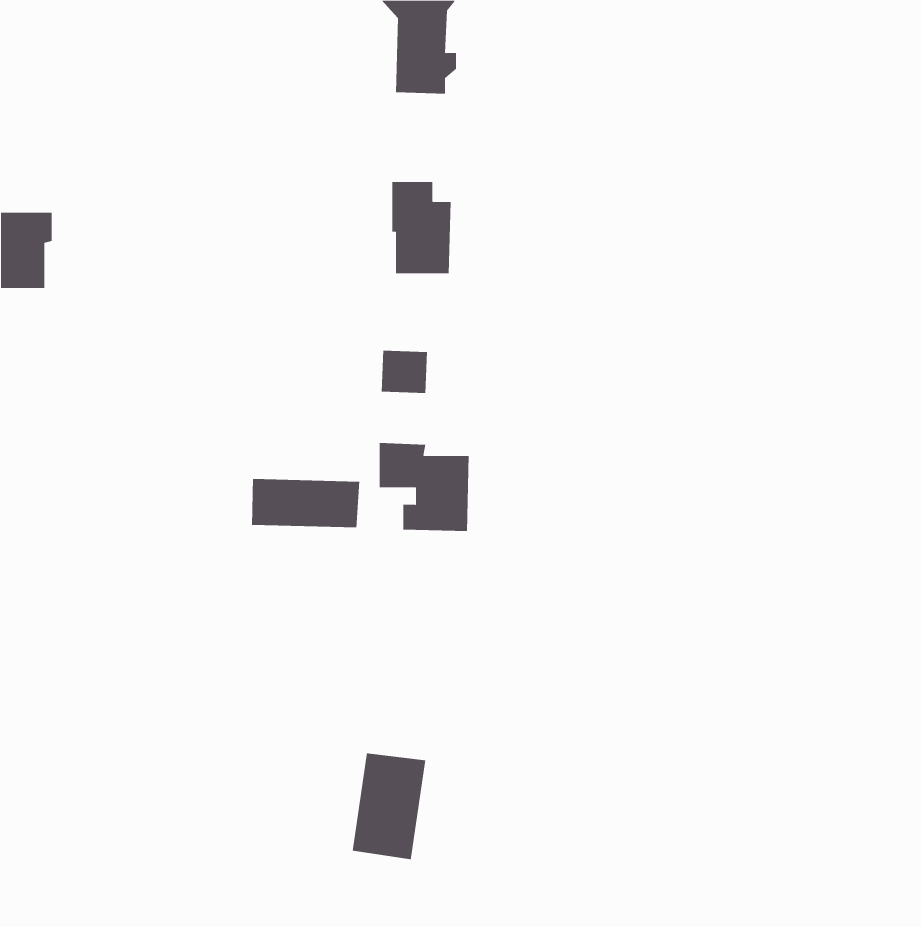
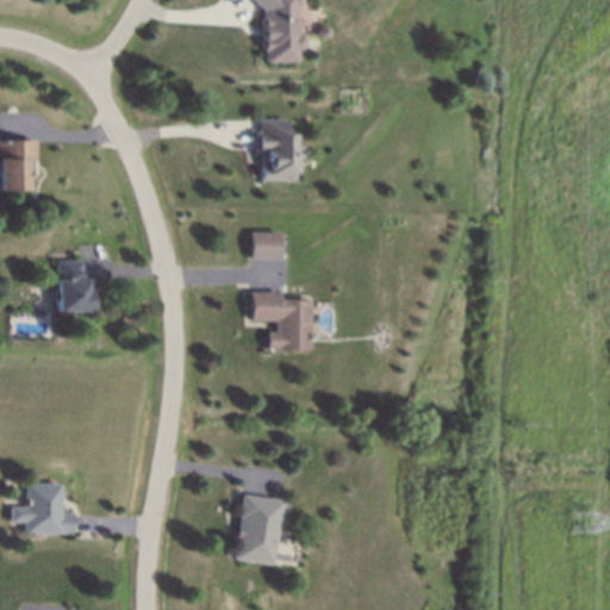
building: none -> [58,260,93,311]
building: [251,478,360,528] -> none
building: none -> [12,483,75,533]

